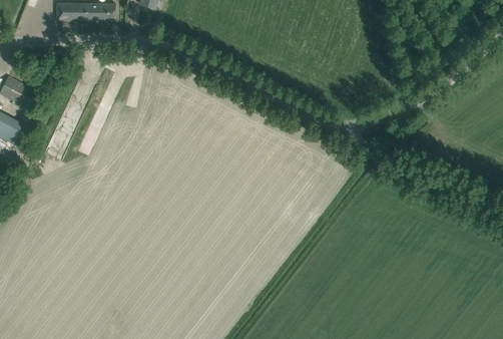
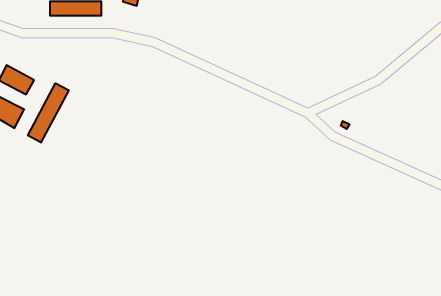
building: none -> [28,83,69,143]

